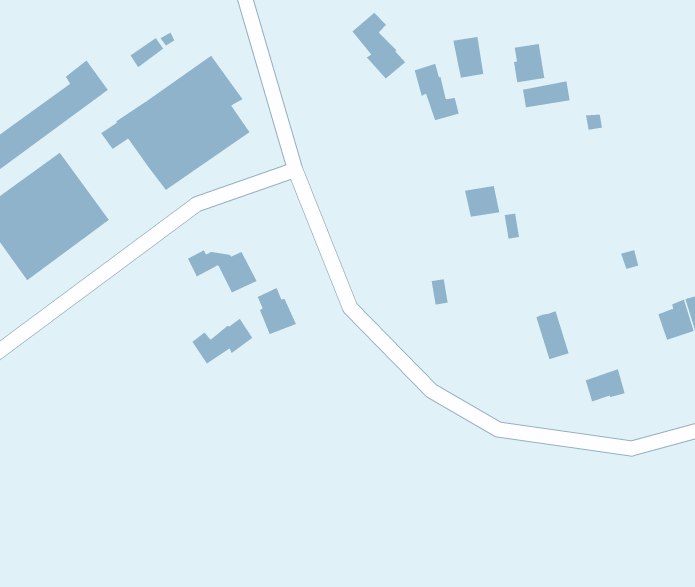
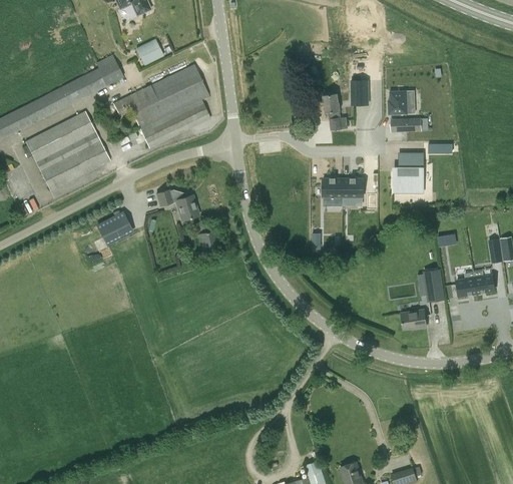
building: [351,12,406,79] -> none
building: none -> [394,153,423,192]
building: none -> [323,178,344,199]
building: none -> [97,213,132,244]
building: [536,311,569,360] -> [425,270,443,301]
building: [191,318,253,364] -> none

